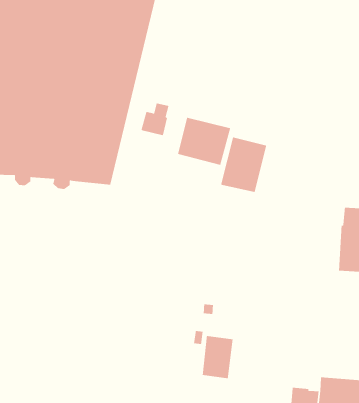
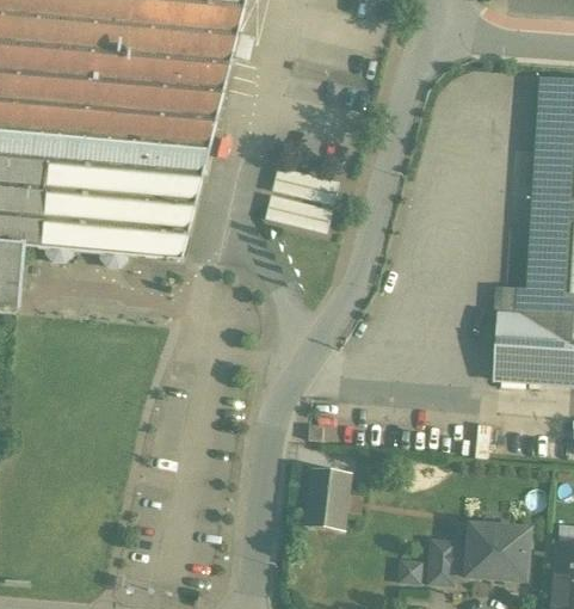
building: [140,102,170,136] -> none
building: [220,136,267,193] -> none

